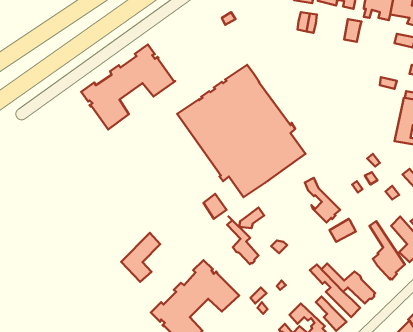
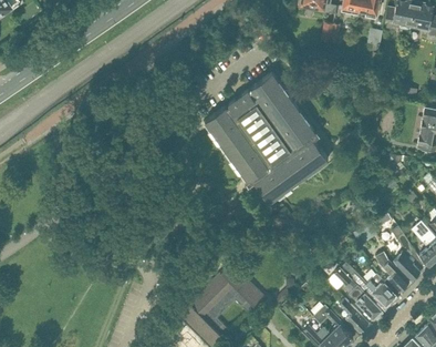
building: [81,44,175,130] -> none
building: [305,178,340,222] -> [375,252,409,295]
building: [227,216,259,264] -> none
building: [121,233,160,282] -> none

